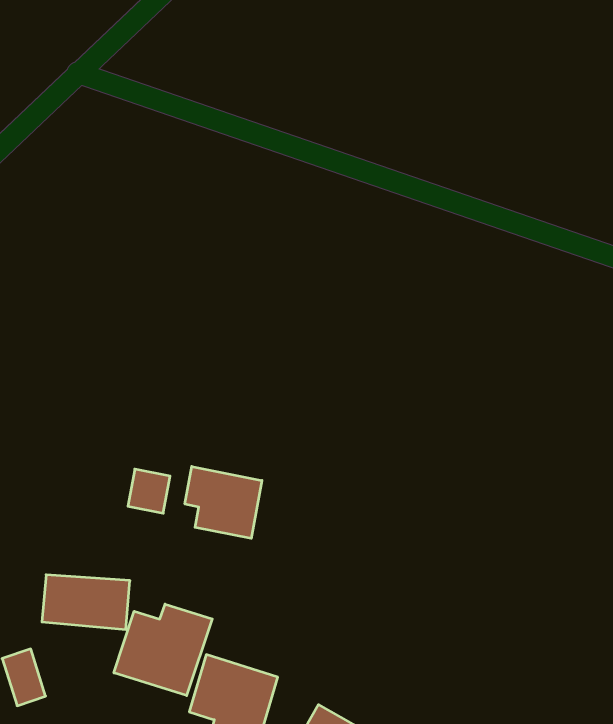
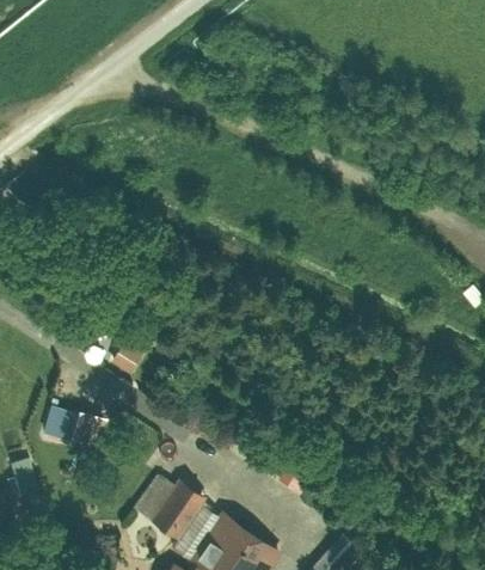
building: [185,466,262,538] -> none
building: [114,604,212,696] -> none

